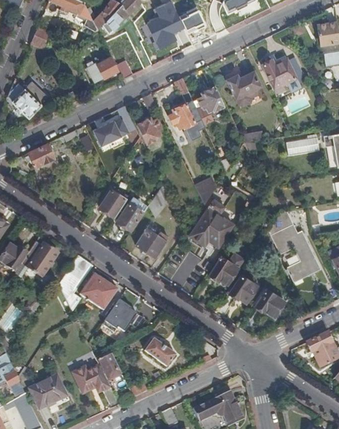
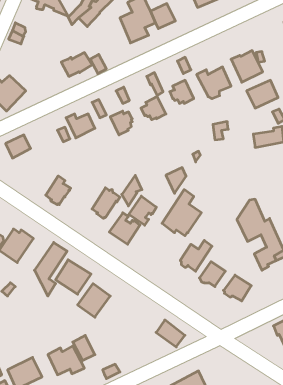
building: [100,186,126,216] -> [46,176,71,205]
building: none -> [129,196,156,225]
building: [145,337,175,365] -> [156,320,185,347]

